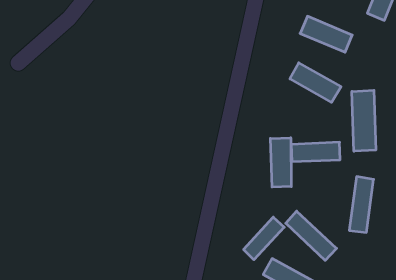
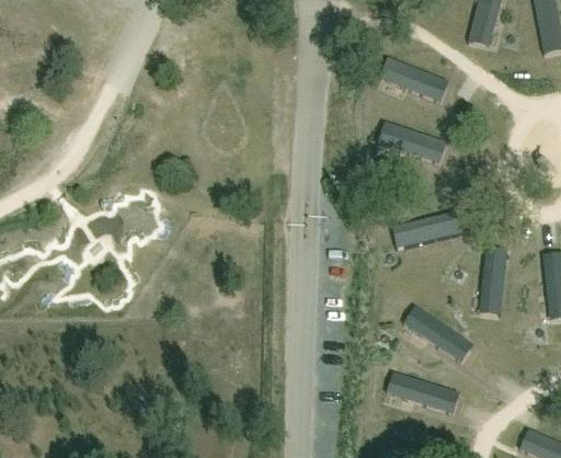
building: [352,90,376,151] -> none
building: [270,138,291,187] -> none
building: [244,217,284,260] -> none

